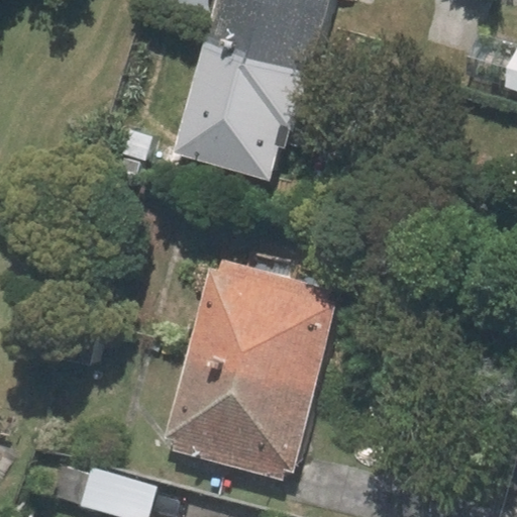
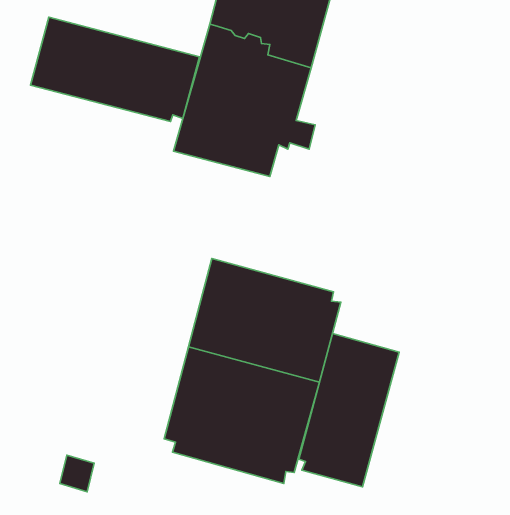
building: none -> [30,17,199,122]
building: none -> [299,334,399,487]

